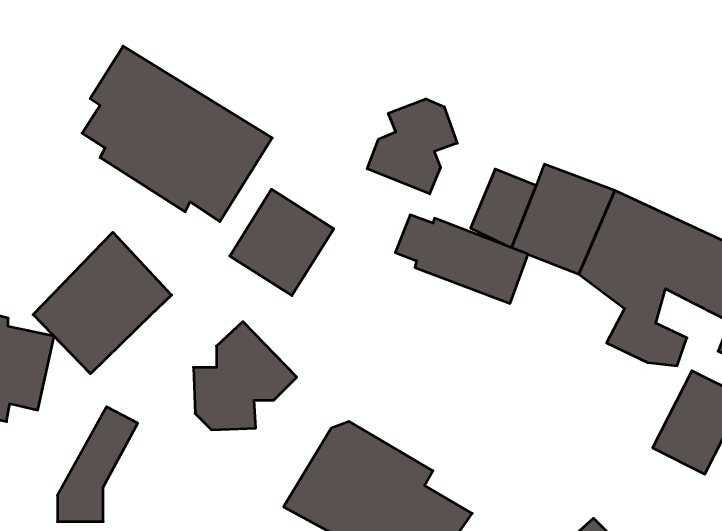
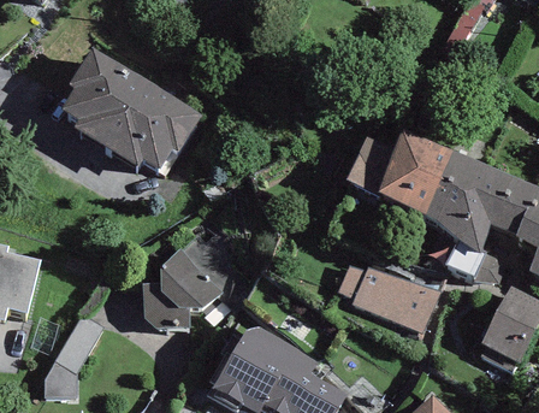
building: [367,99,457,194] -> none
building: [230,189,334,296] -> none
building: [395,215,528,303] -> [337,264,434,329]
building: [33,232,172,374] -> none

